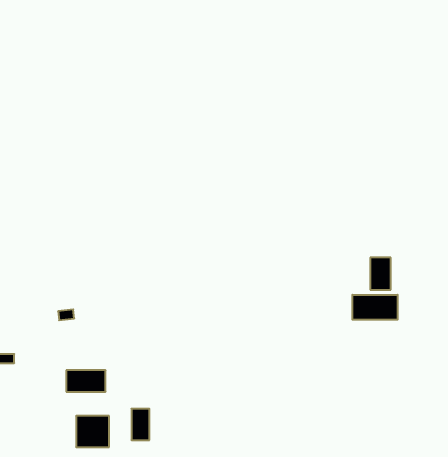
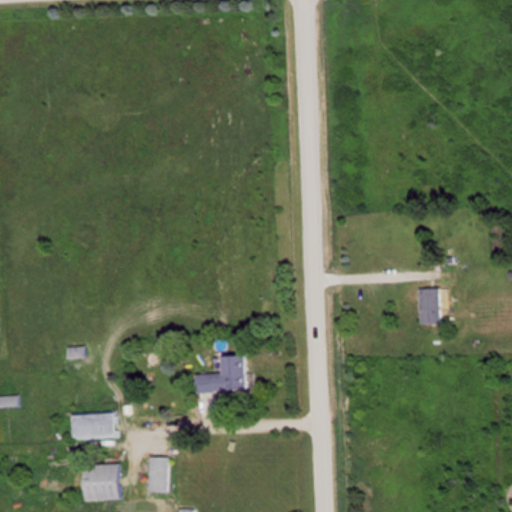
building: [352,295,398,320] -> none
building: none -> [195,356,249,393]

